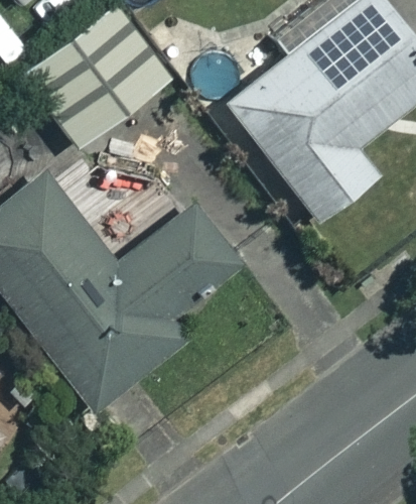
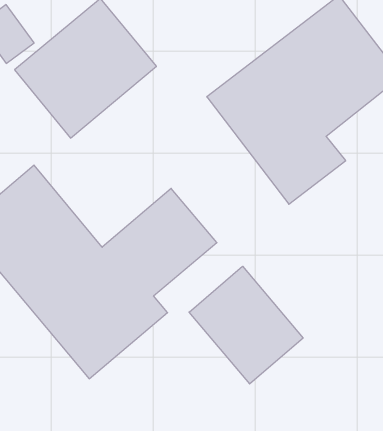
building: none -> [189,266,303,384]

